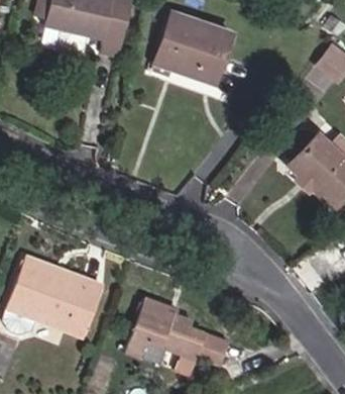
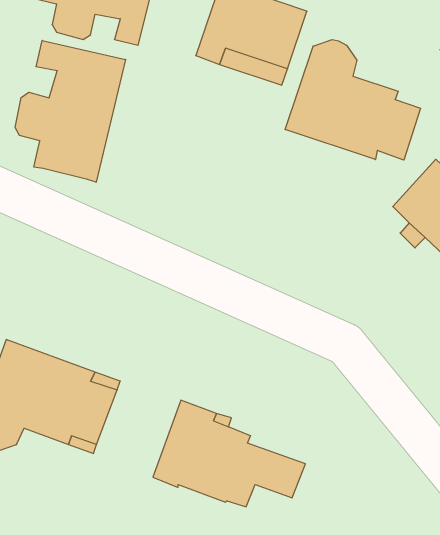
building: none -> [285,40,420,160]
building: none -> [15,40,126,182]

